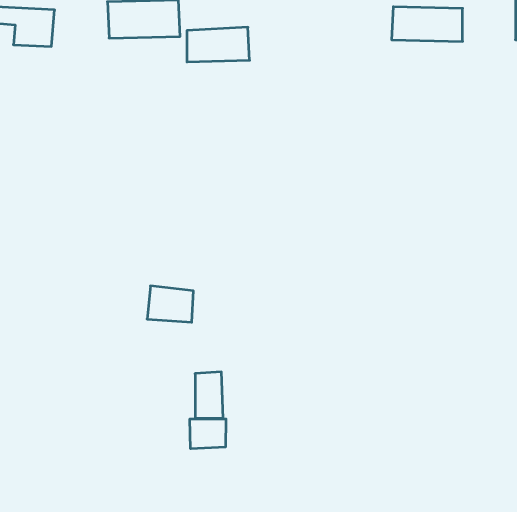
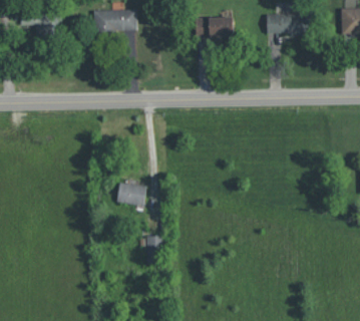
building: [187,27,250,62] -> [195,16,233,37]
building: [190,419,226,449] -> none

